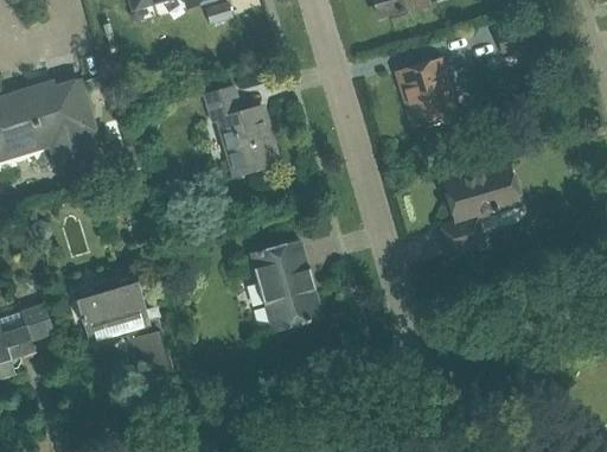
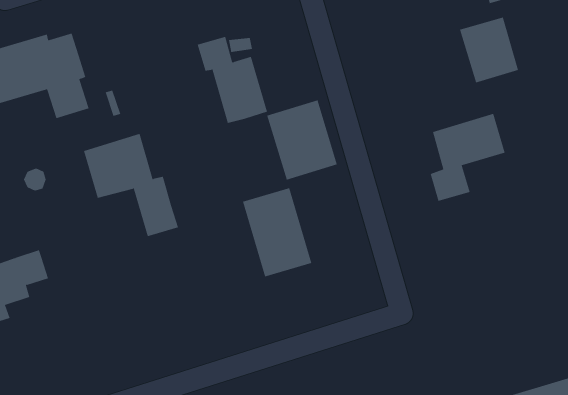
building: [396,59,456,127] -> [459,17,519,83]
building: none -> [266,99,338,180]
building: [76,274,173,380] -> [83,133,179,237]

